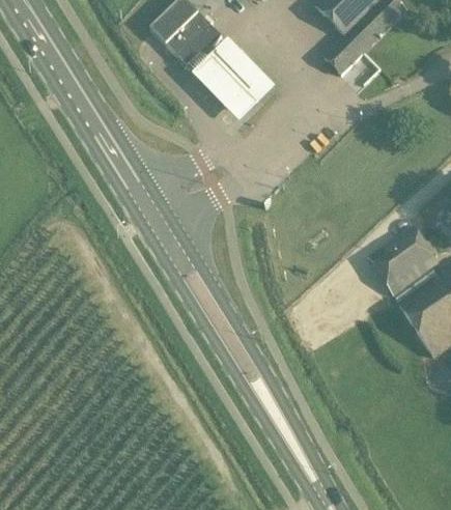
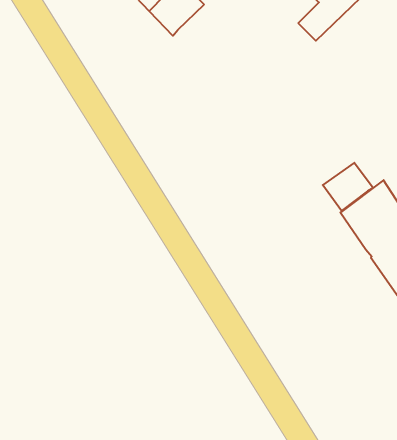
building: [190,41,278,125] -> none
building: none -> [323,163,373,211]

